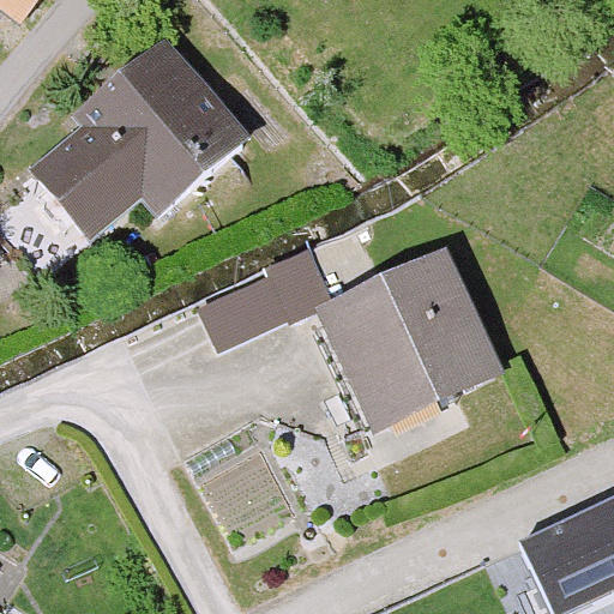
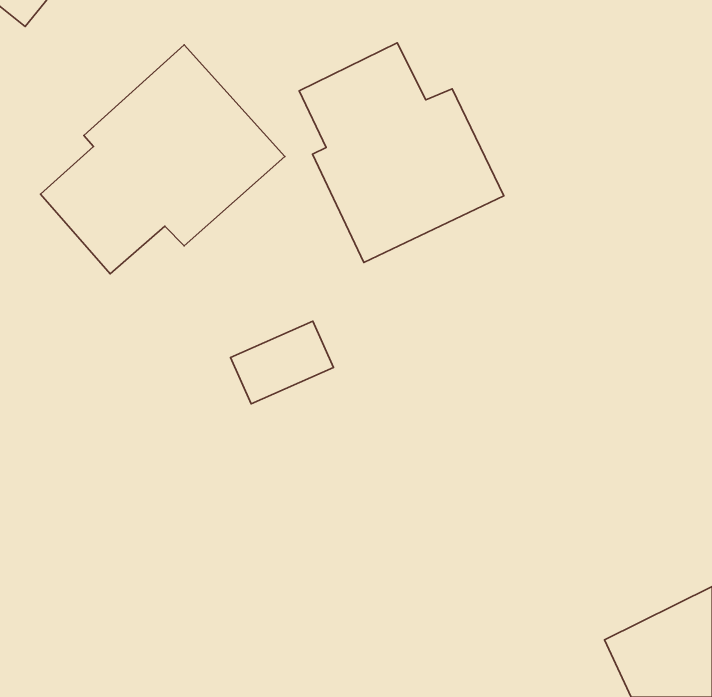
building: none -> [299,43,504,262]
building: [323,251,502,426] -> none

